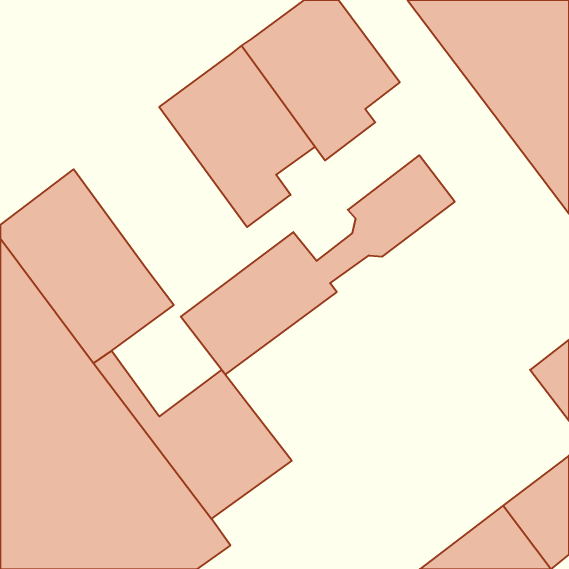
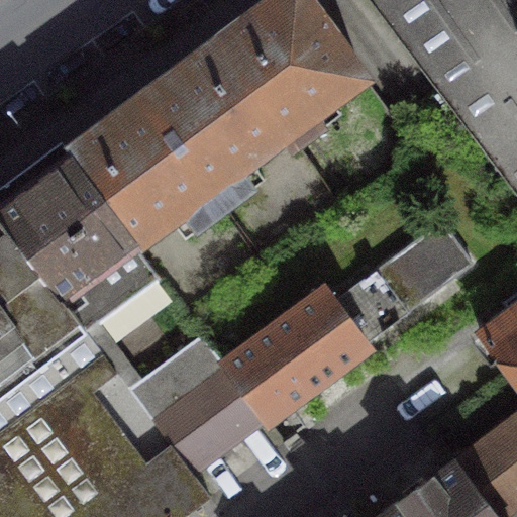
building: none -> [67,97,224,244]
building: [181,155,455,375] -> [224,219,473,418]

